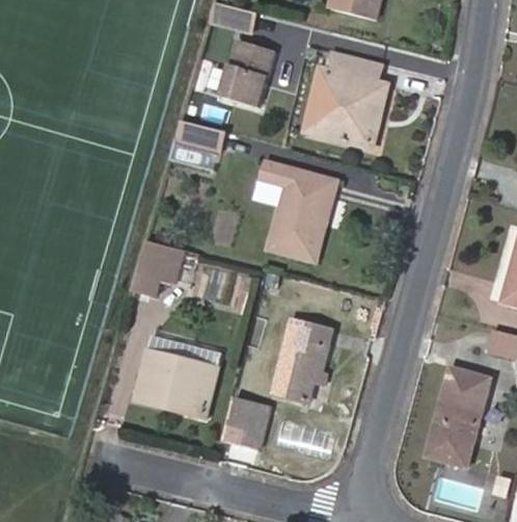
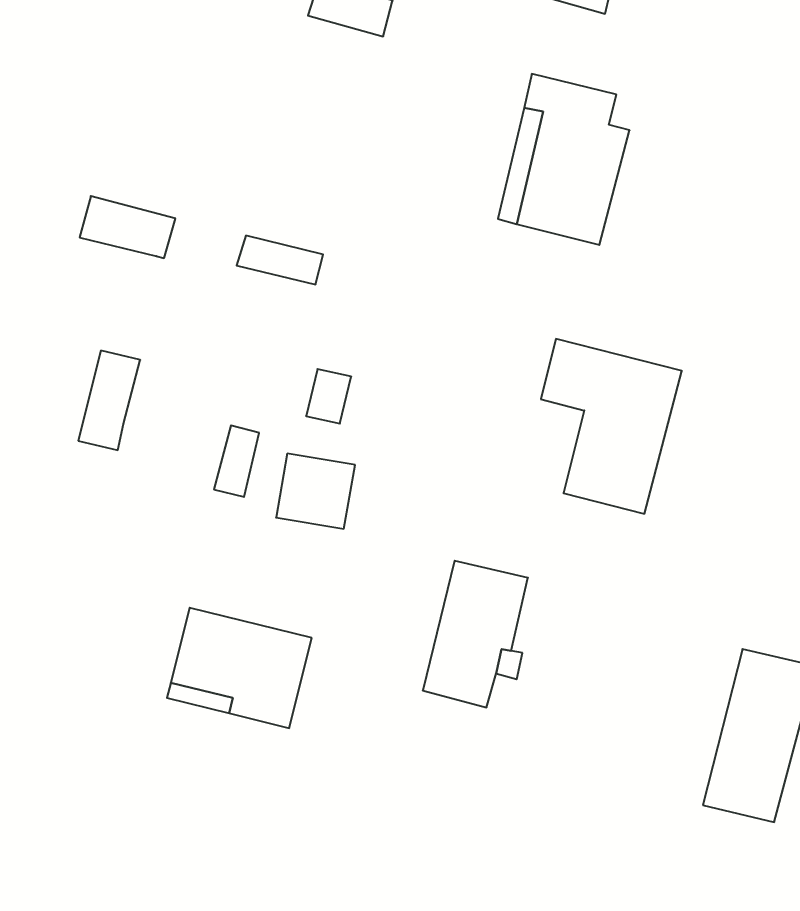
building: [222,40,274,106] -> none
building: [176,119,229,153] -> [80,196,175,258]
building: [255,161,333,258] -> [541,339,682,514]
building: [134,241,168,296] -> [78,351,140,450]
building: [219,396,269,448] -> none

